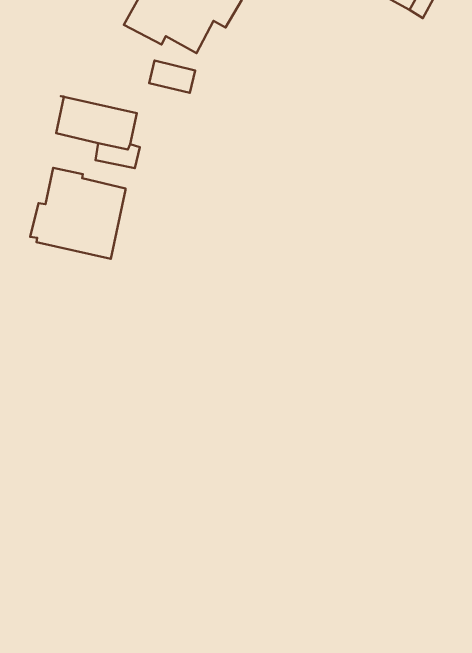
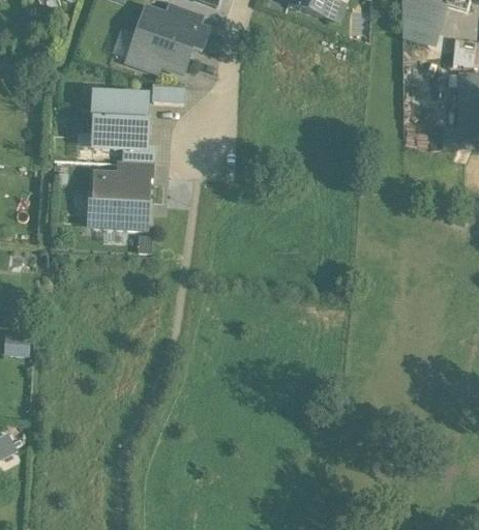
building: none -> [91,90,147,120]
building: none -> [116,157,152,176]

